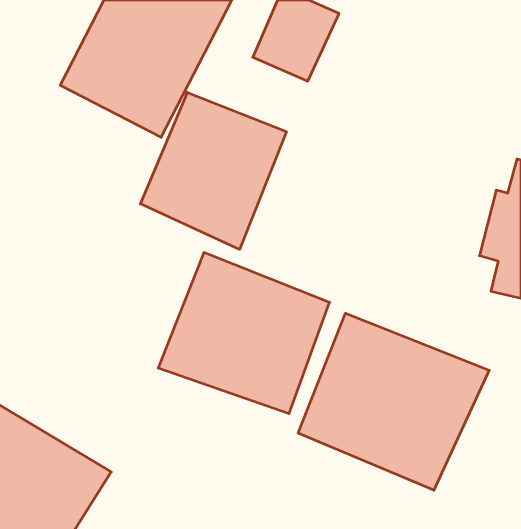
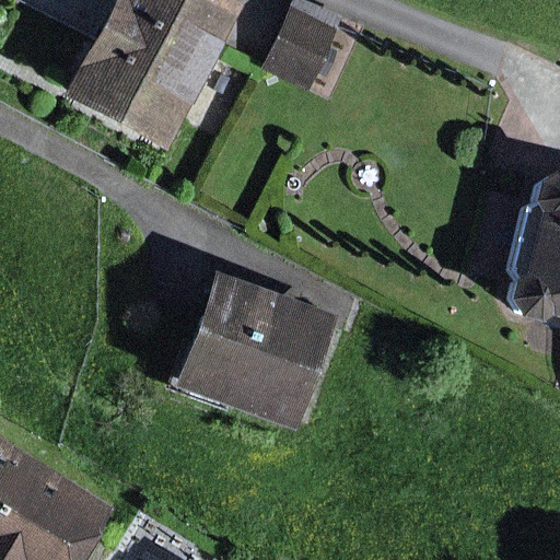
building: [140,92,286,249] -> none
building: [298,313,489,490] -> none

